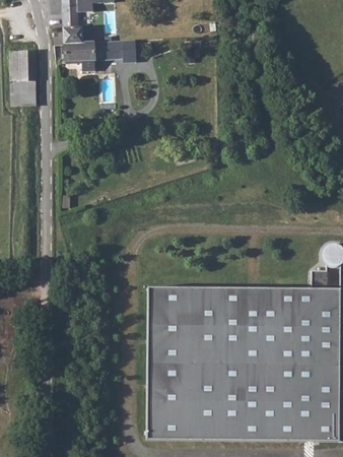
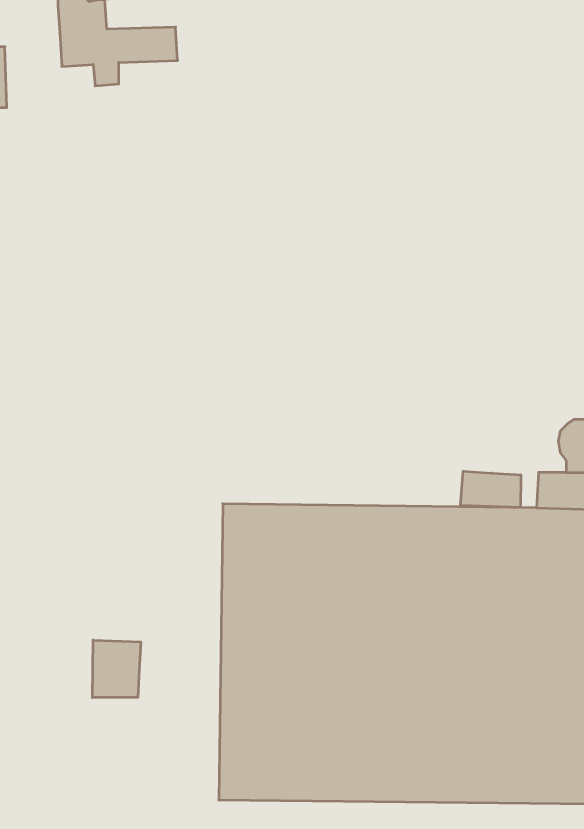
building: none -> [461,471,521,507]
building: none -> [92,640,141,698]

